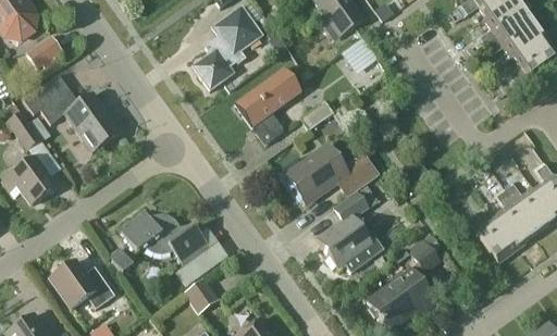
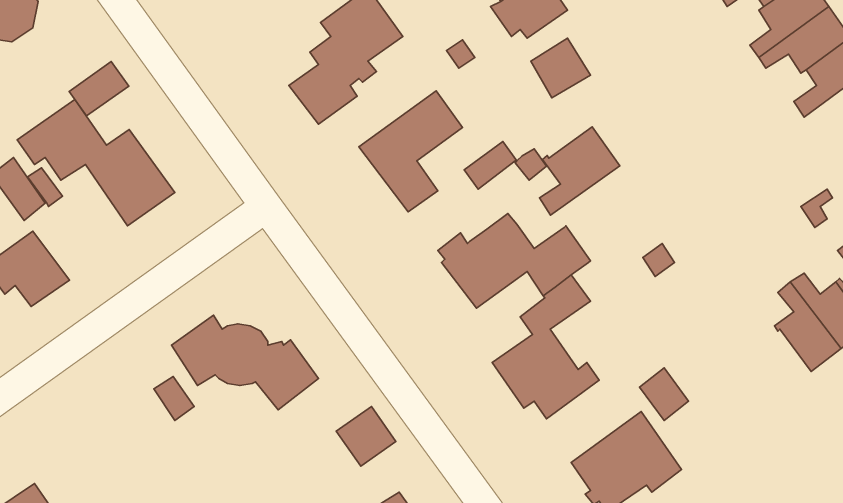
building: [26,34,63,67] -> [69,62,129,116]
building: none -> [539,127,620,215]
building: [466,210,517,263] -> none
building: [51,259,115,308] -> none
building: [184,276,221,313] -> [336,406,396,466]

